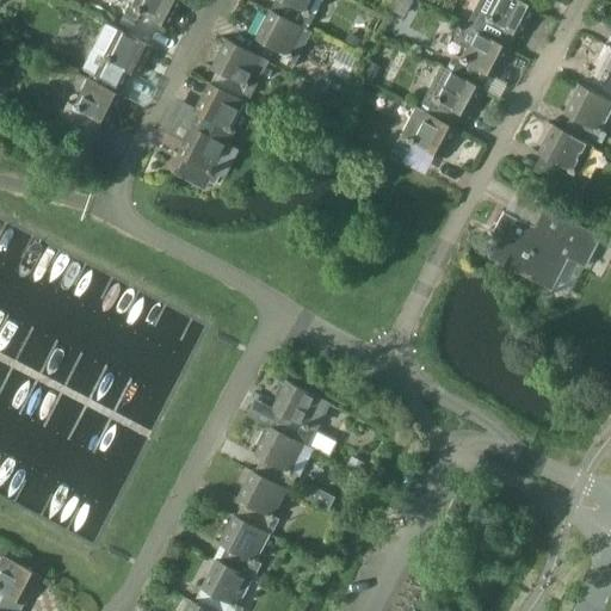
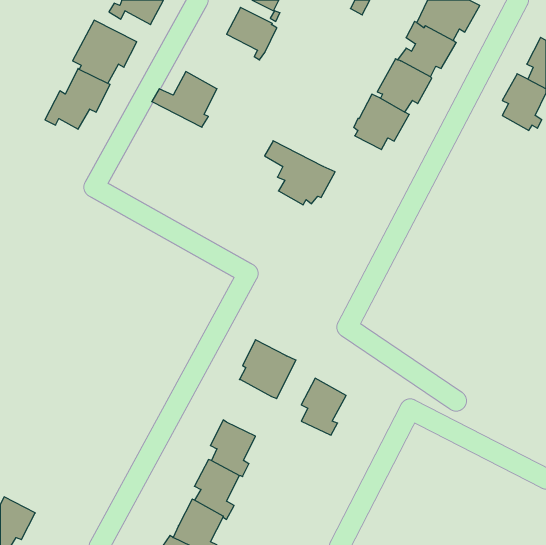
building: [210,38,269,99] -> none
building: [160,115,239,186] -> [265,141,335,205]
building: [535,124,594,193] -> none
building: [488,208,599,291] -> none
building: [253,425,303,488] -> [301,378,346,435]

